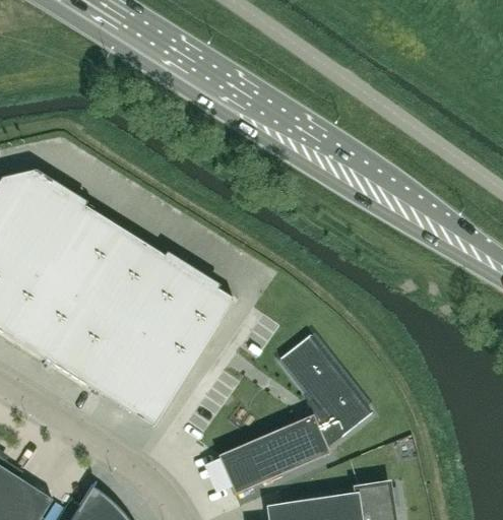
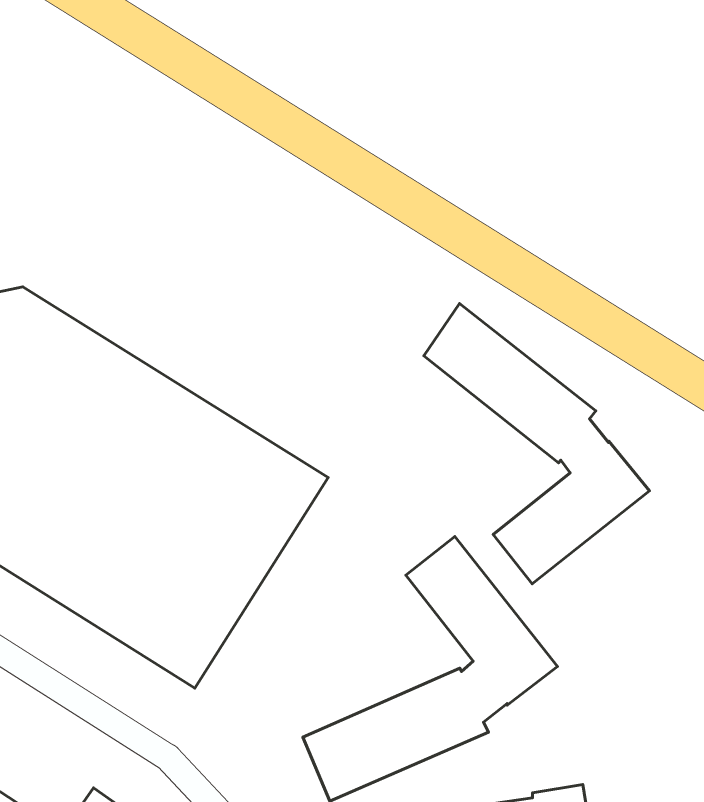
building: none -> [424,304,650,584]

